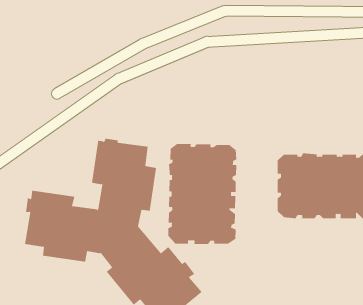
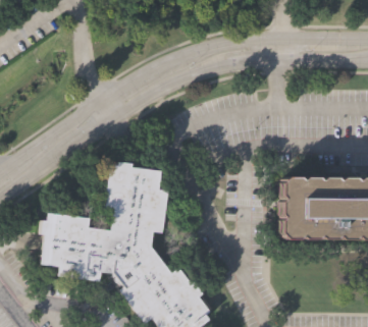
building: [168,143,237,245] -> none

